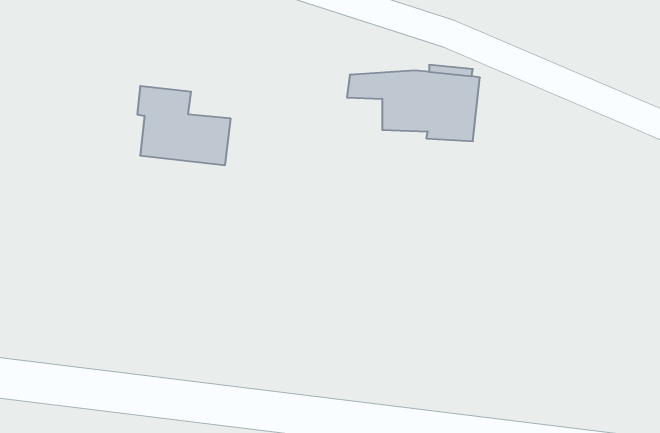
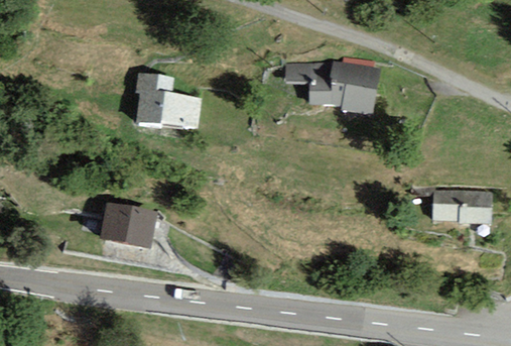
building: none -> [431,189,492,223]
building: none -> [99,202,157,248]

